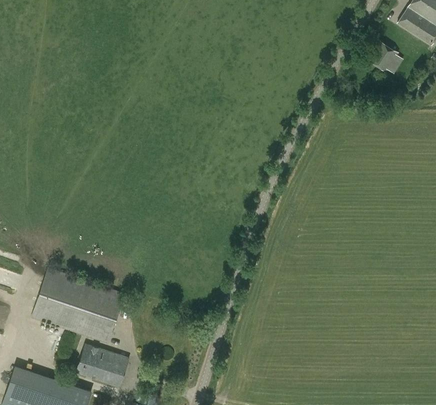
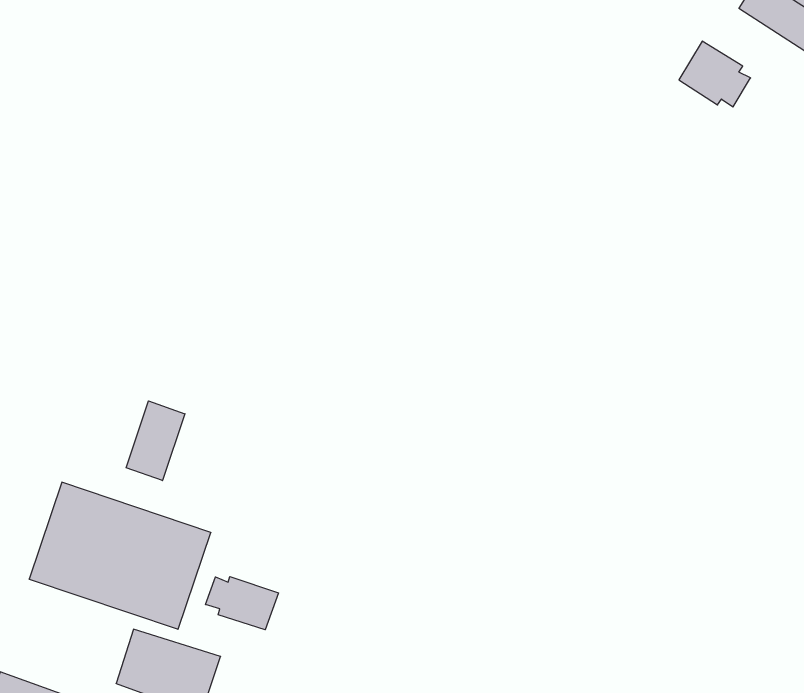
building: none -> [126,401,185,481]
building: none -> [206,577,278,630]

